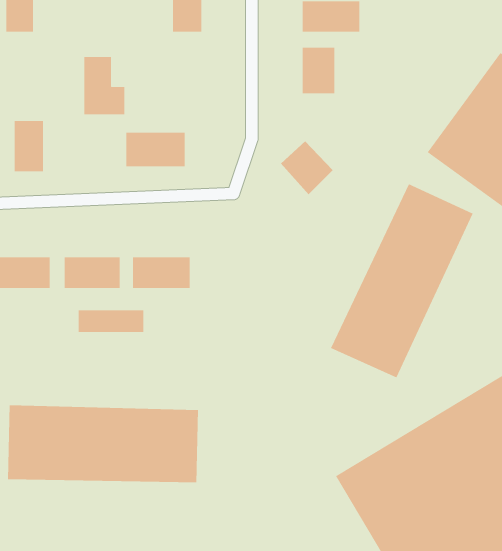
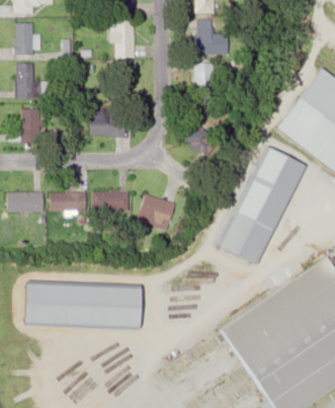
building: [83,56,125,115] -> [19,63,45,98]
building: none -> [138,194,175,229]
building: [78,309,144,333] -> none

